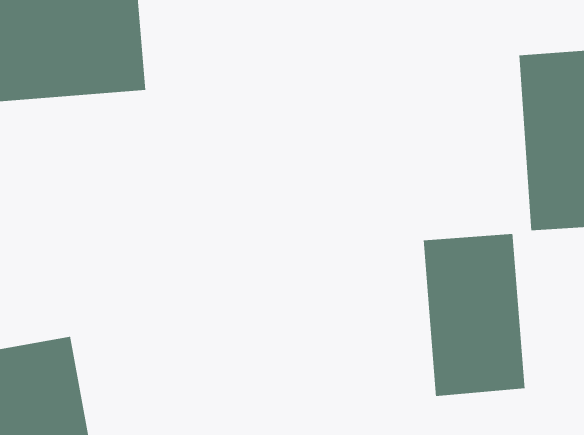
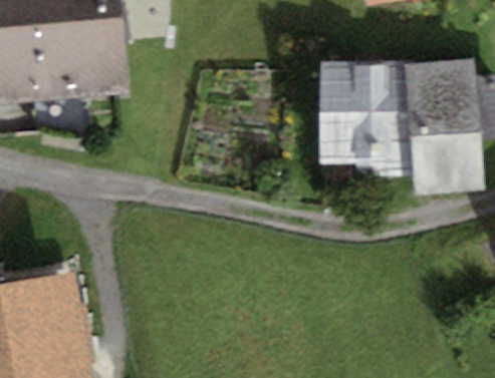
building: none -> [313,69,402,163]
building: [423,233,525,397] -> none

